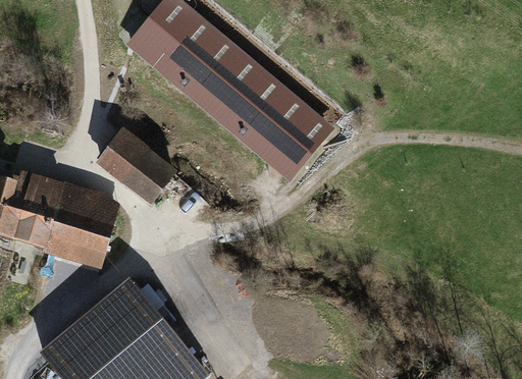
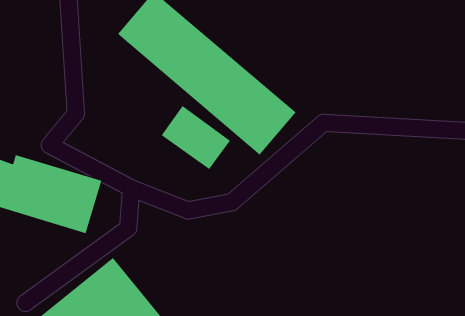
building: [98,130,174,201] -> [161,105,231,170]

